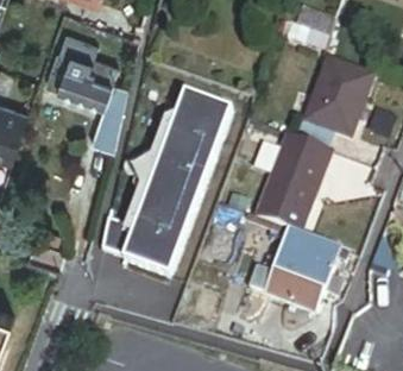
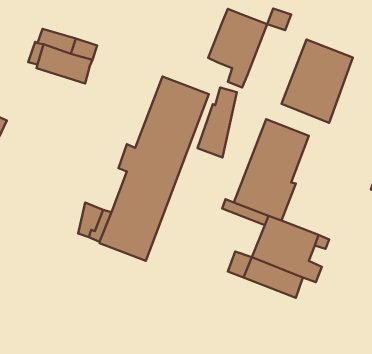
building: none -> [208,9,267,87]
building: [90,78,130,149] -> [197,87,237,158]

